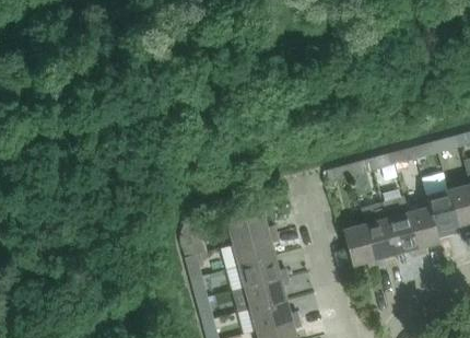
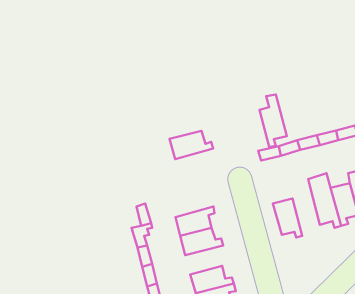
building: [365,208,396,267] -> [259,94,287,147]
building: [227,214,277,246] -> [169,131,213,159]
building: [245,278,290,311] -> none

